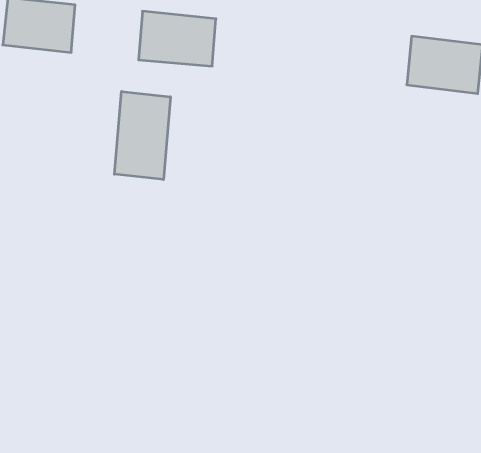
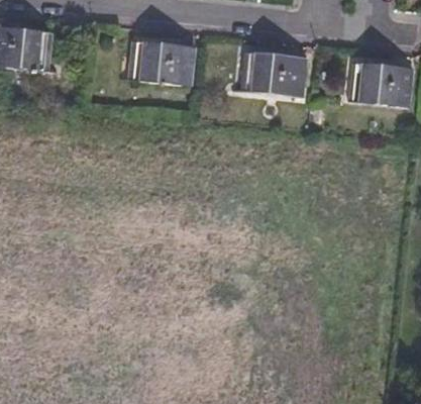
building: none -> [242,50,305,96]
building: [114,91,170,180] -> none

